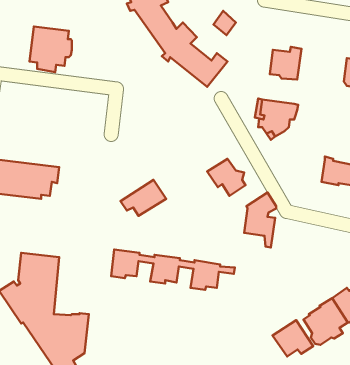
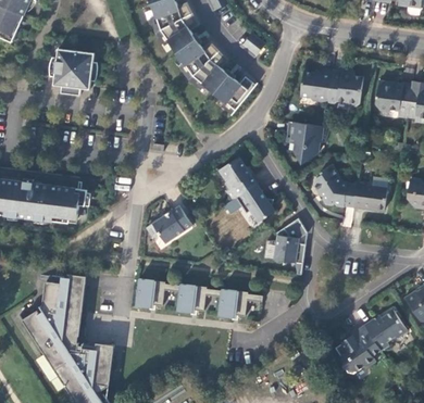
building: none -> [328,71,363,106]
building: none -> [220,156,257,199]
building: none -> [313,166,357,207]
building: [272,320,313,356] -> none

